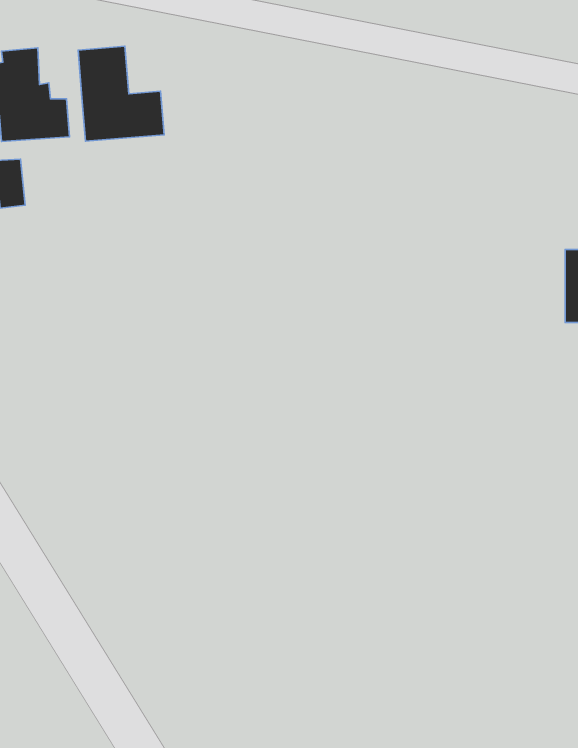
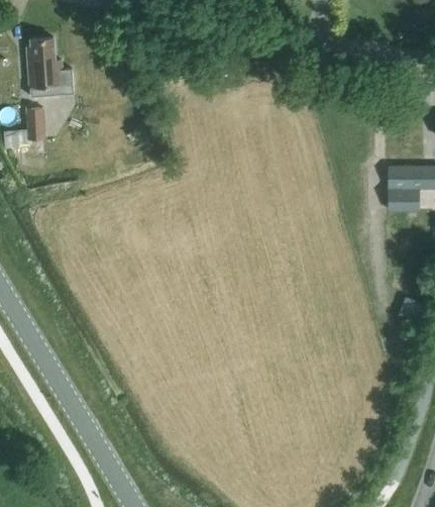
building: [78,46,164,141] -> none

